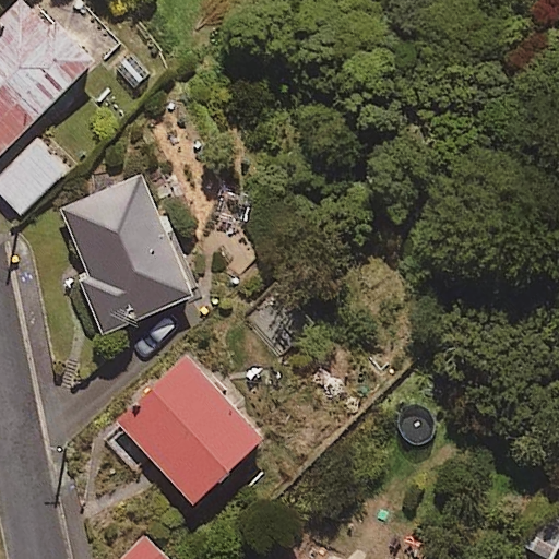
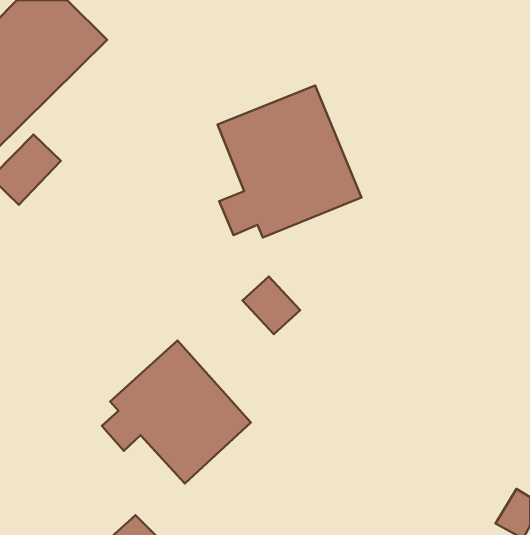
building: none -> [217,86,361,238]
building: [61,175,194,333] -> none

